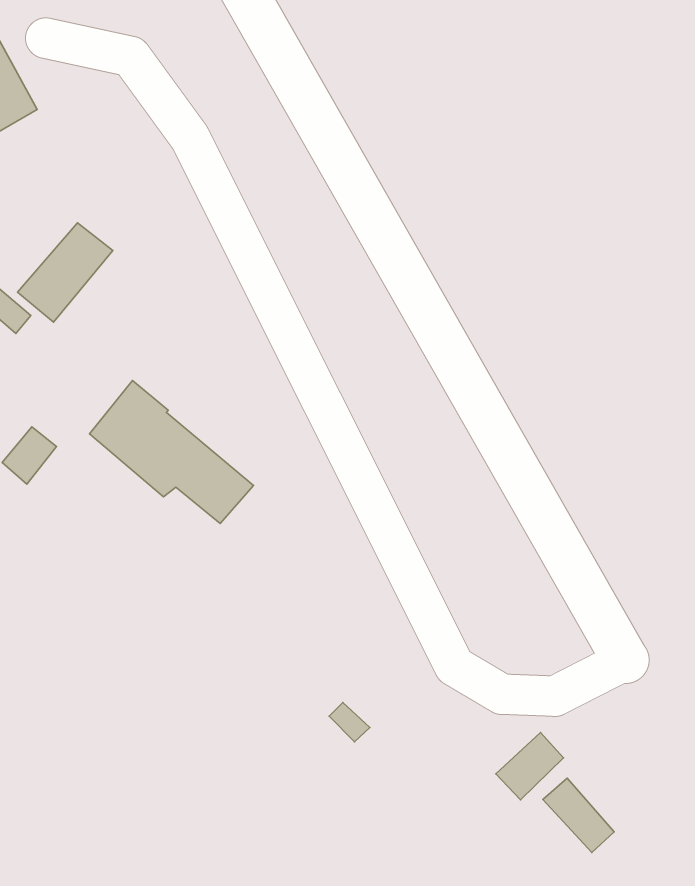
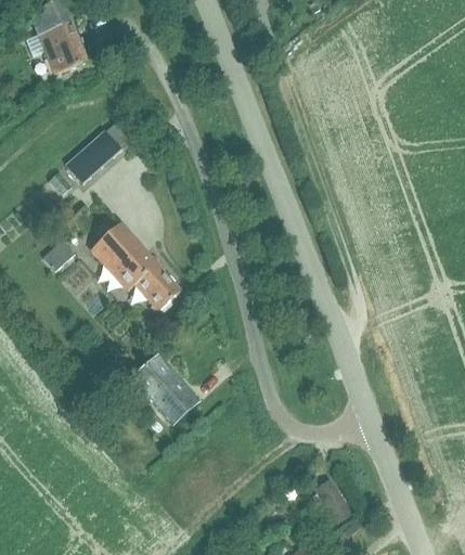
building: none -> [132,356,197,424]
building: [496,732,564,800] -> none

